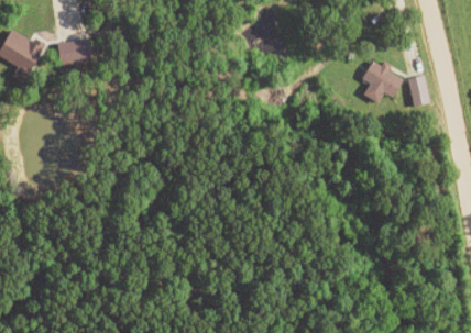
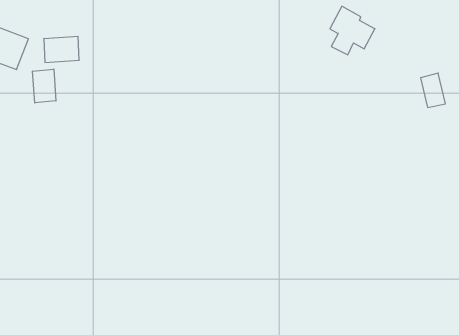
building: [361,58,403,103] -> [330,6,375,55]
building: none -> [33,69,56,103]

